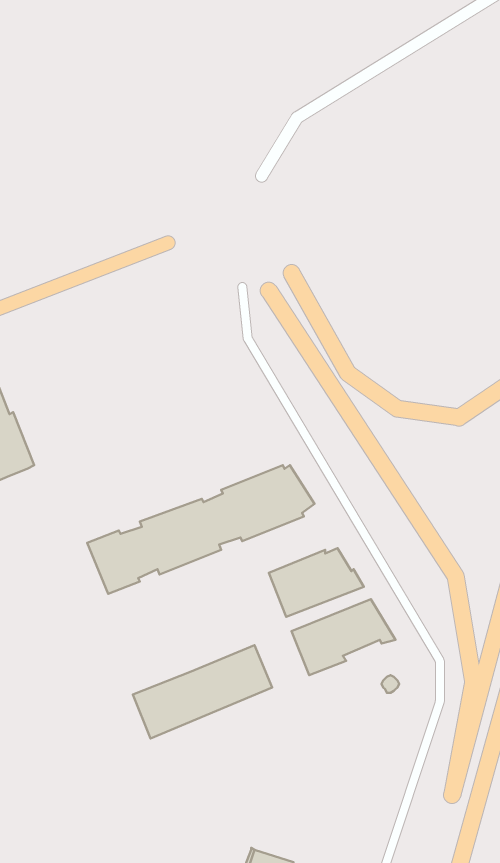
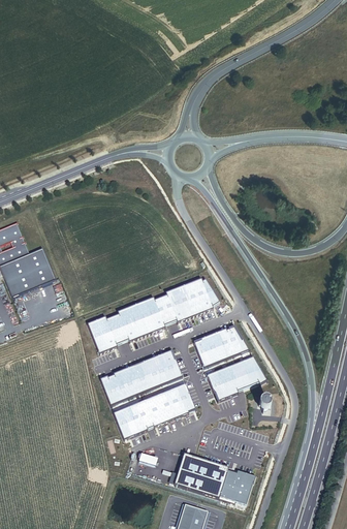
building: none -> [100,350,181,404]
building: none -> [174,454,253,503]

